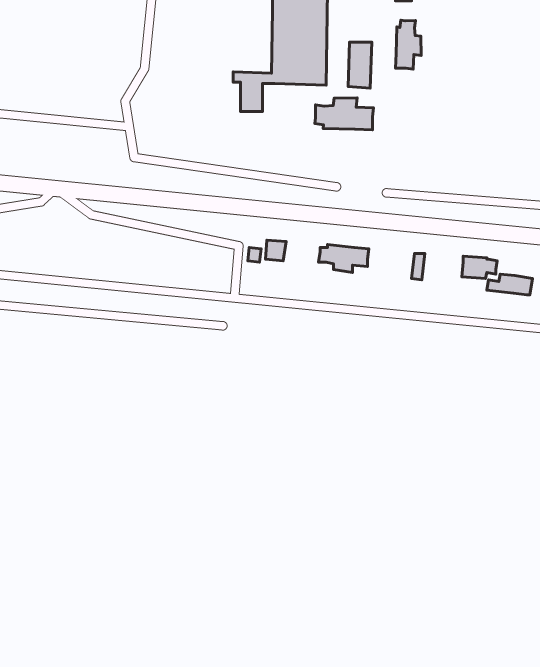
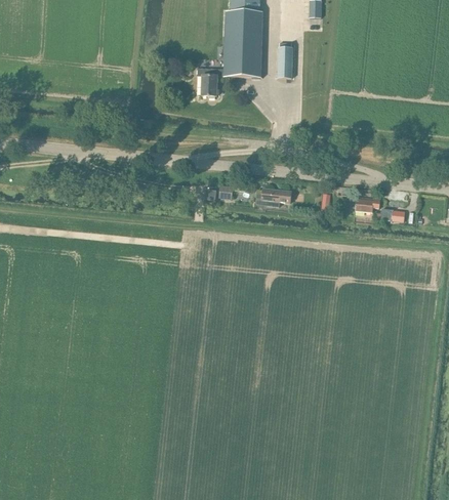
building: [395,20,421,69] -> none
building: [315,98,374,130] -> none

